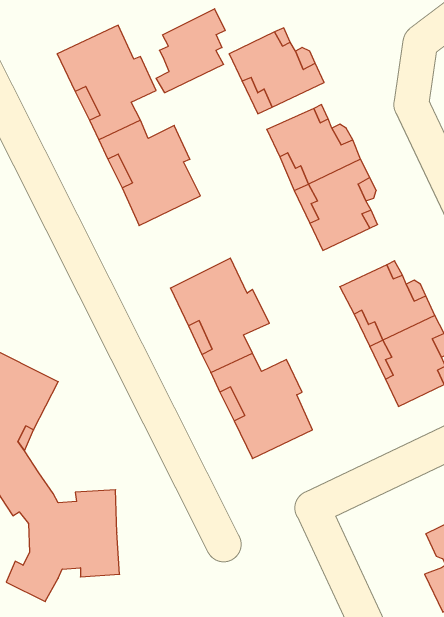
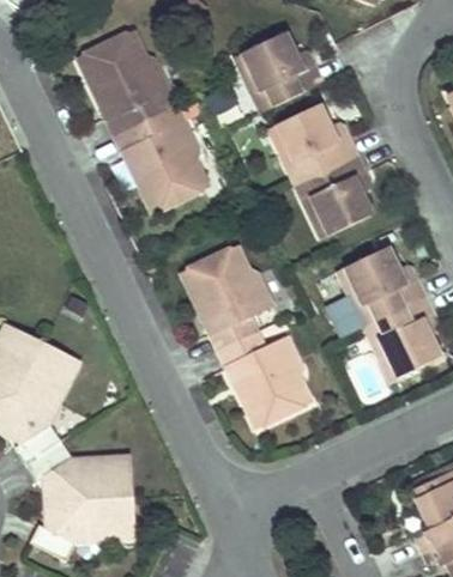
building: [156,9,225,93] -> none

